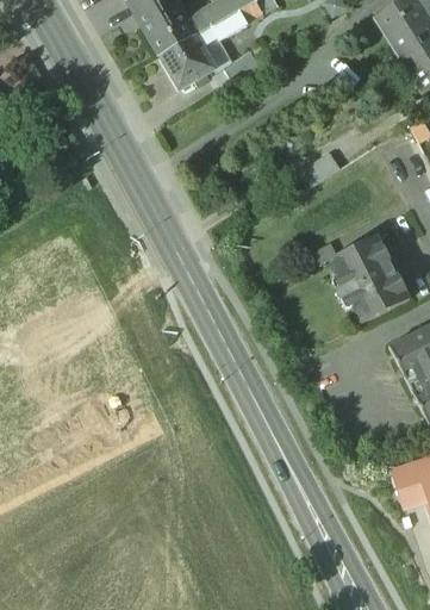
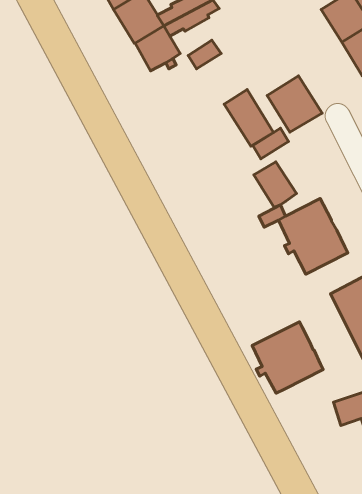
building: none -> [267,76,322,132]
building: none -> [224,89,273,146]
building: none -> [254,162,296,208]
building: none -> [252,322,323,393]

